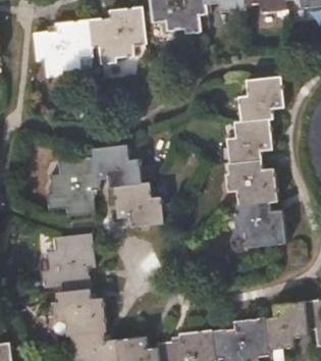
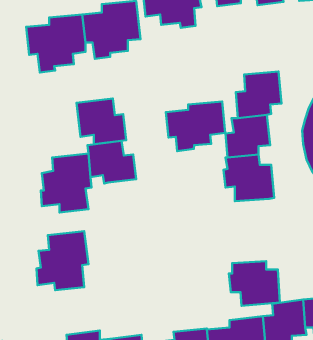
building: none -> [166,102,225,151]
building: [114,182,163,226] -> [76,99,126,144]
building: [235,202,285,246] -> [229,261,280,306]
building: [55,289,106,336] -> none

